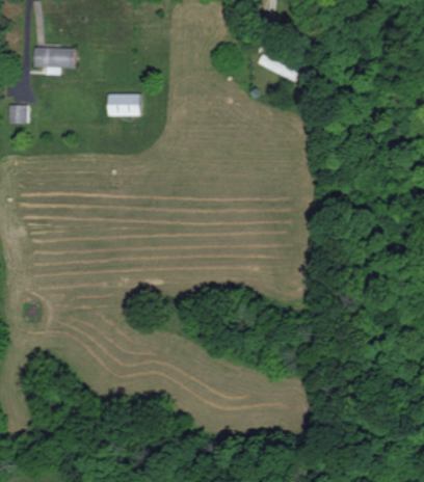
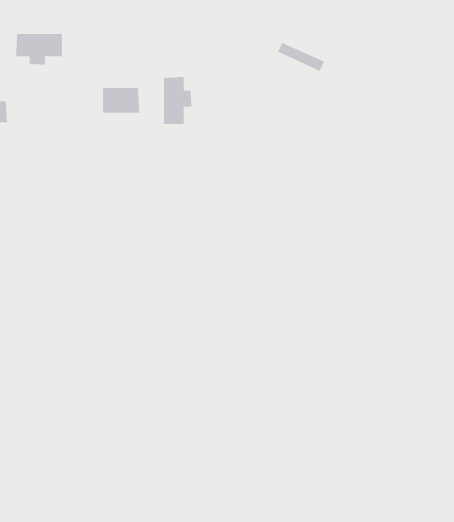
building: none -> [163,76,192,125]

